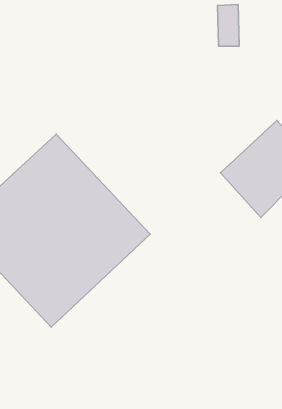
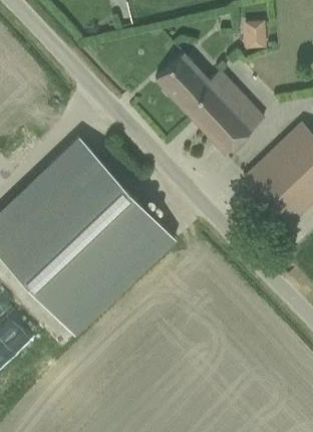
building: none -> [155,54,265,156]

